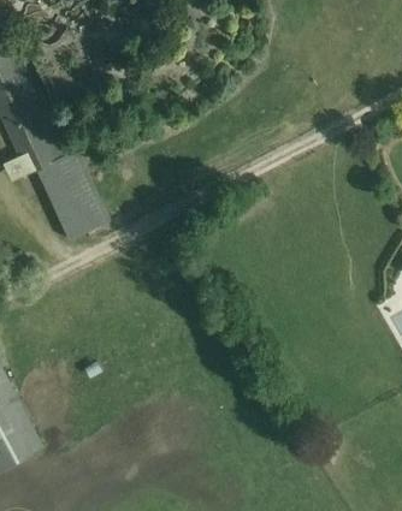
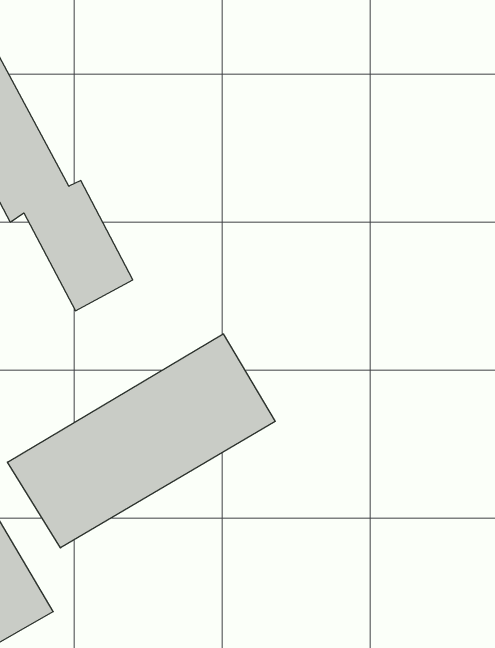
building: none -> [7,334,275,548]

